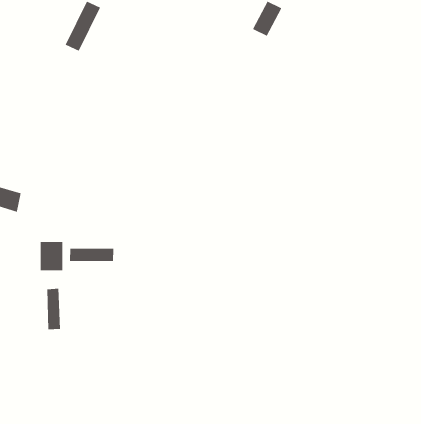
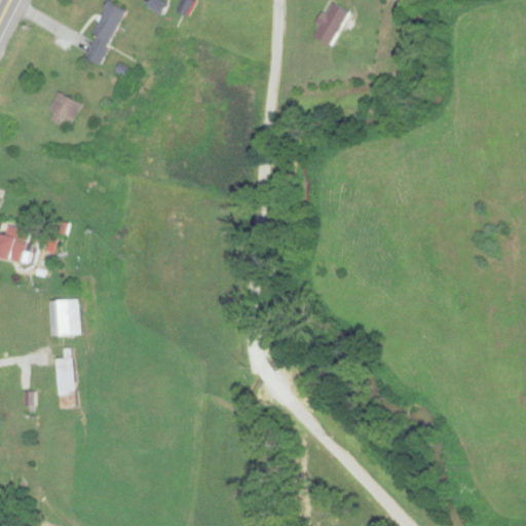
building: none -> [42,91,79,128]
building: [70,248,114,262] -> none

